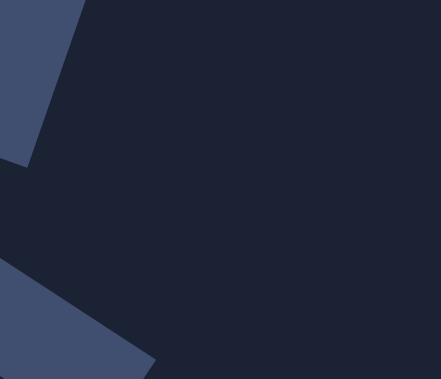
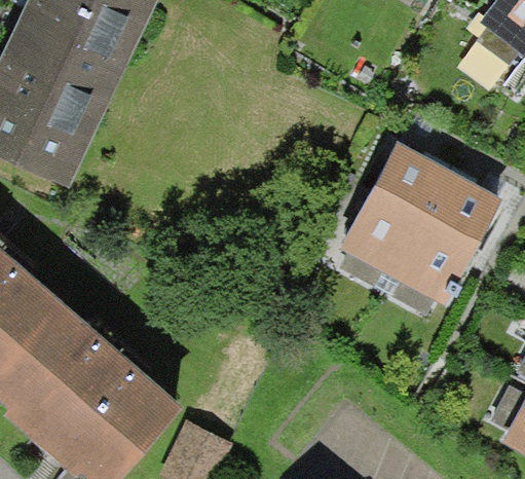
building: none -> [338,138,501,306]

